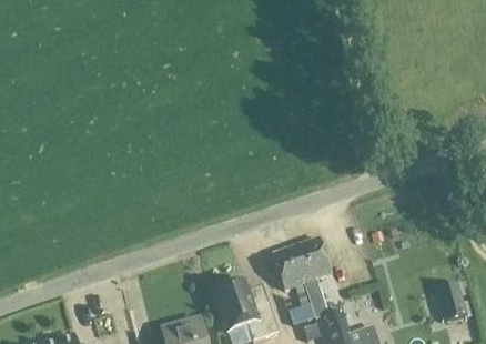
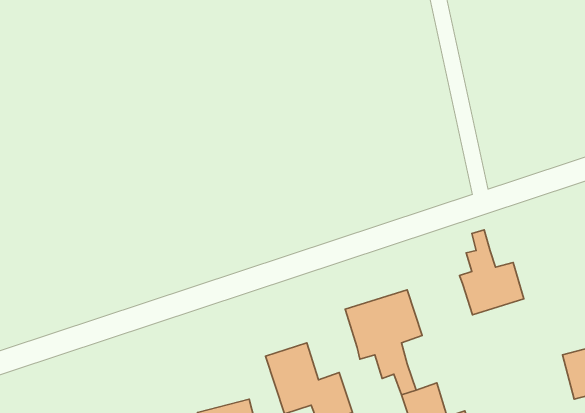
building: none -> [460,230,524,315]

